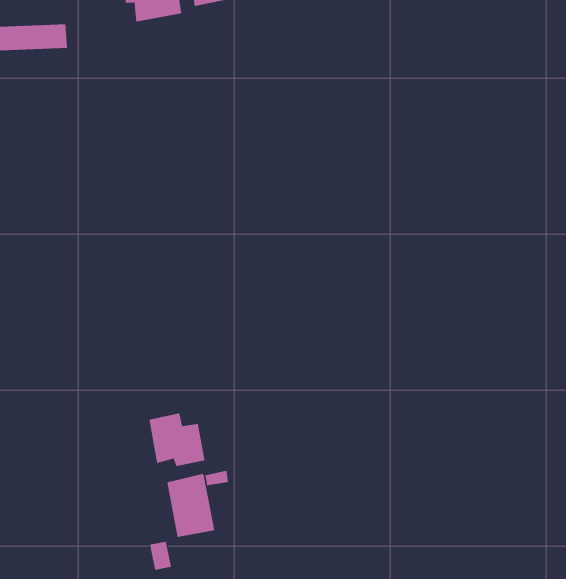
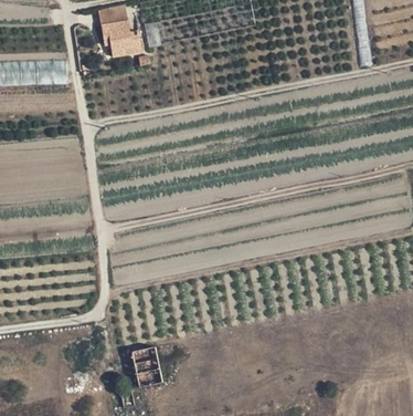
building: [149,413,205,467] -> none

